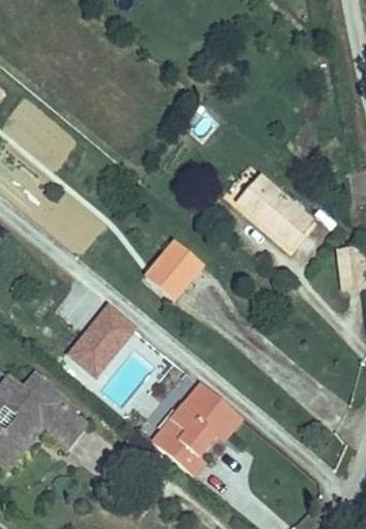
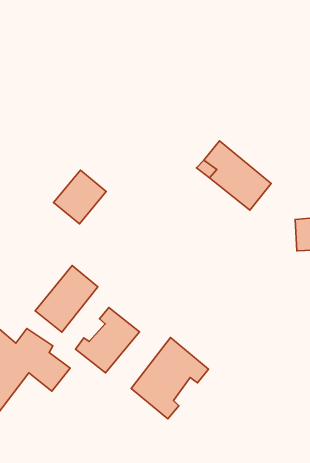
building: [143,243,202,303] -> [54,170,106,224]
building: none -> [75,308,140,373]

